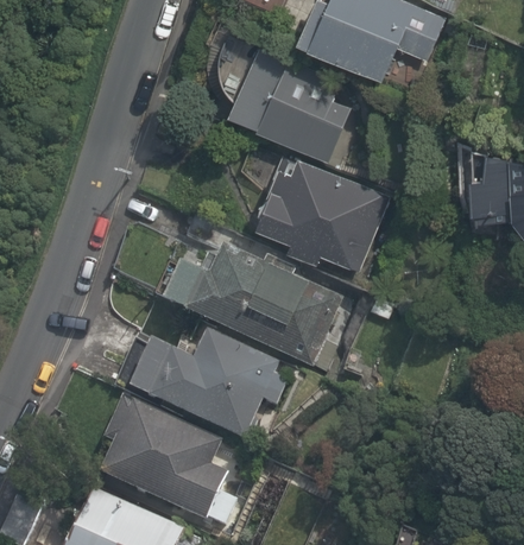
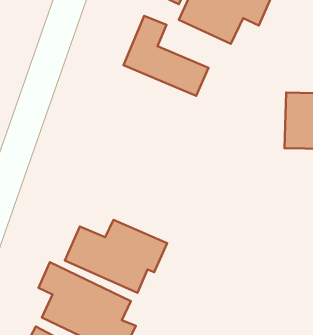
building: [254,150,392,287] -> none
building: [182,256,333,362] -> none

